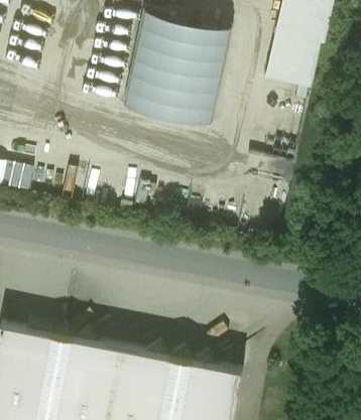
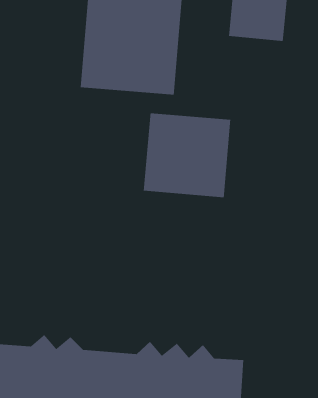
building: none -> [143,113,231,198]

